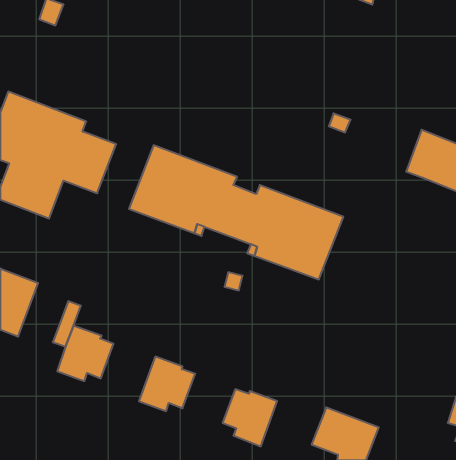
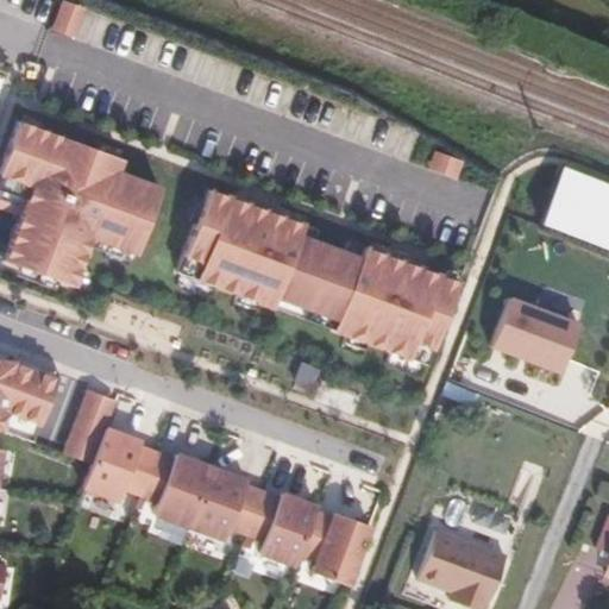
building: none -> [488,289,583,372]
building: none -> [143,451,214,526]
building: none -> [250,490,320,565]

